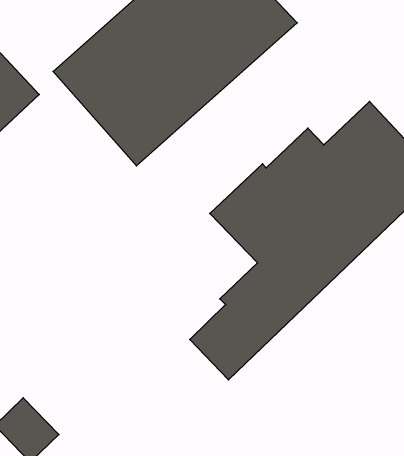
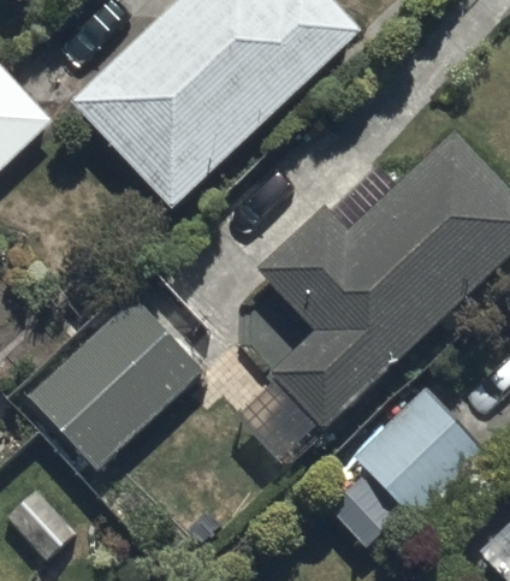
building: none -> [18,289,204,472]
building: none -> [340,385,490,533]

